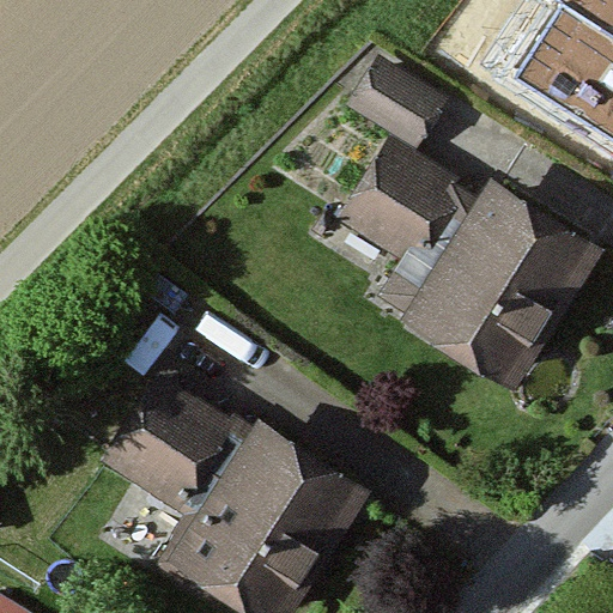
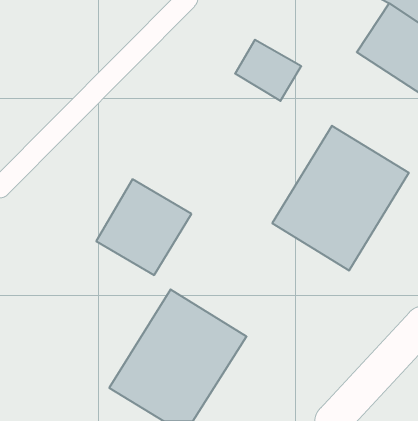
building: [333,138,465,269] -> none
building: [96,375,233,514] -> [96,179,191,275]

